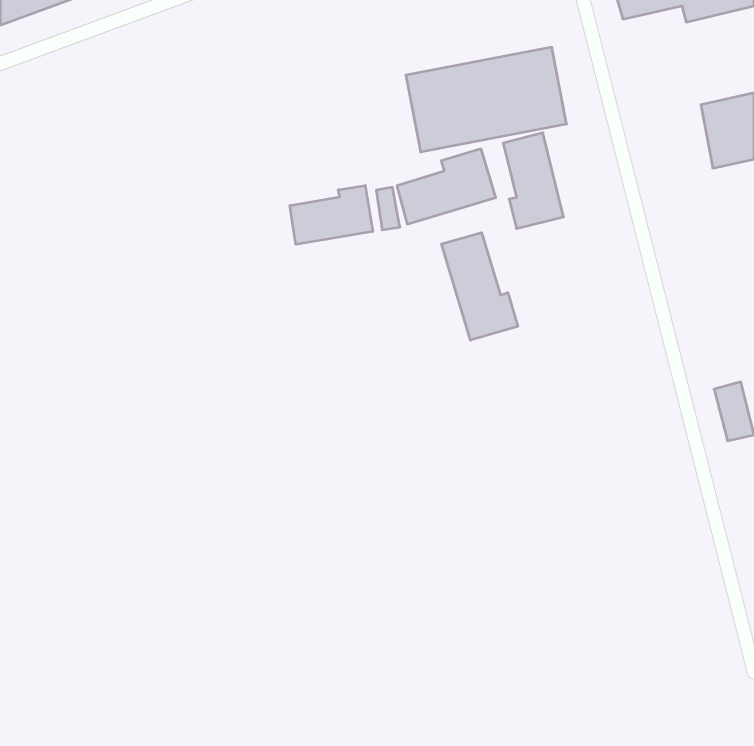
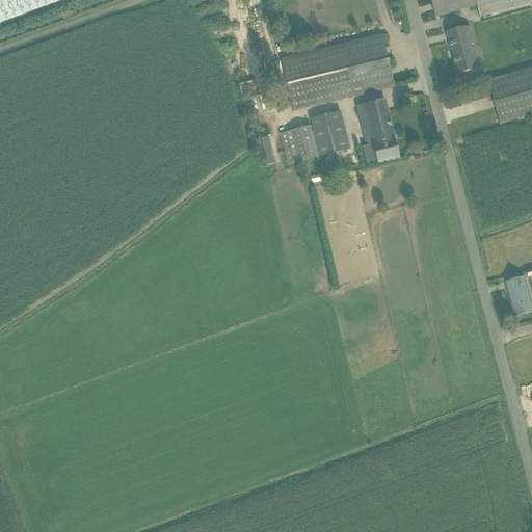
building: none -> [444,20,476,69]
building: [290,185,373,244] -> none
building: [442,233,518,340] -> none

